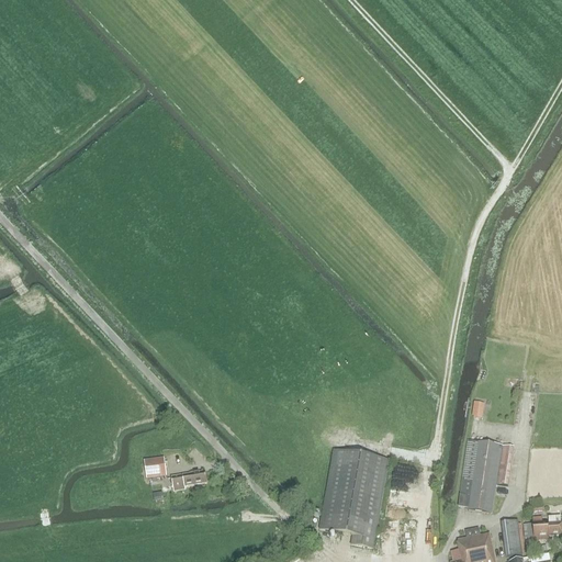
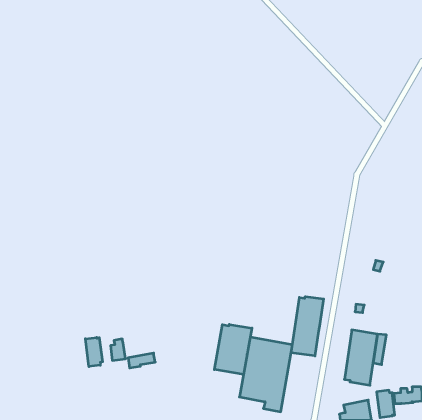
building: none -> [291,297,324,356]
building: none -> [214,324,252,374]
building: none -> [85,337,103,367]

